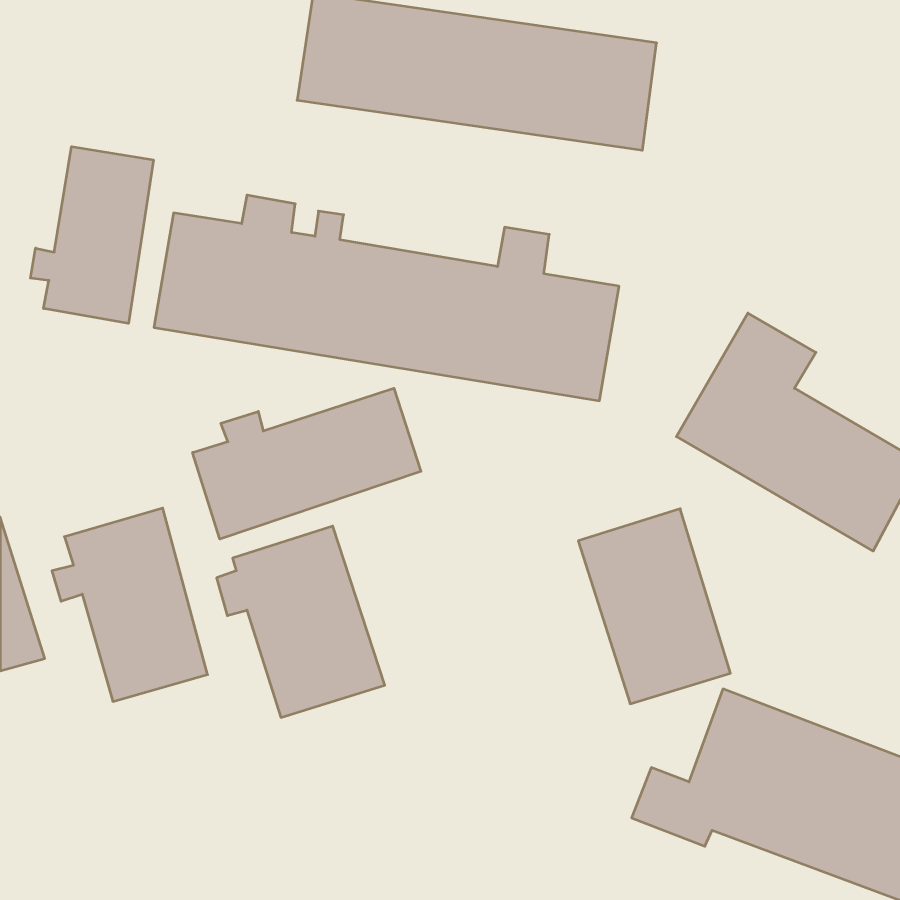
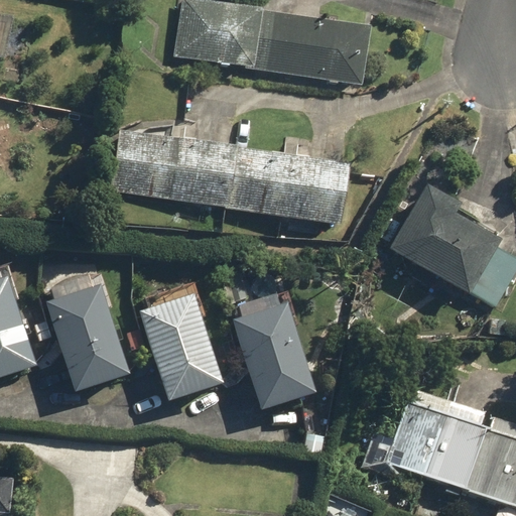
building: [30,147,153,323] -> none
building: [193,388,421,539] -> none
building: [578,509,730,704] -> [230,300,315,410]

